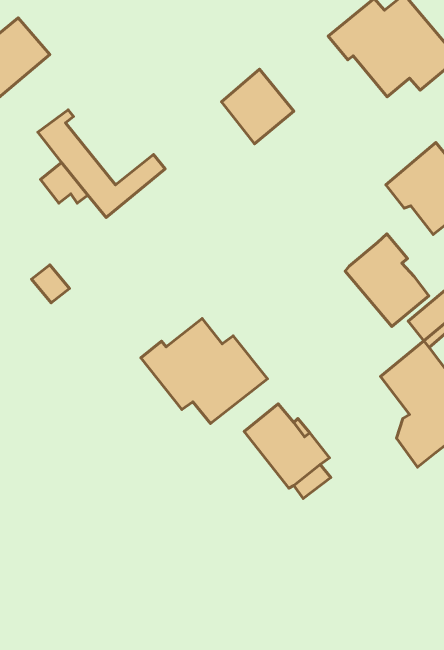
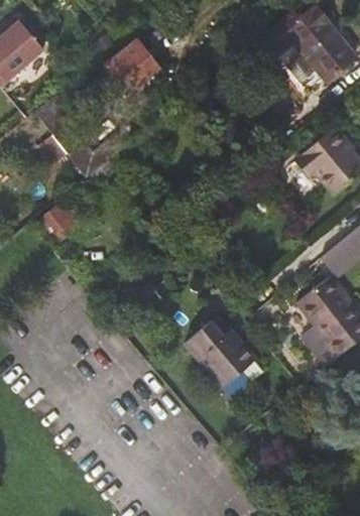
building: [222,69,294,144] -> [104,40,159,98]
building: [345,234,429,326] -> none
building: [141,319,267,423] -> none

